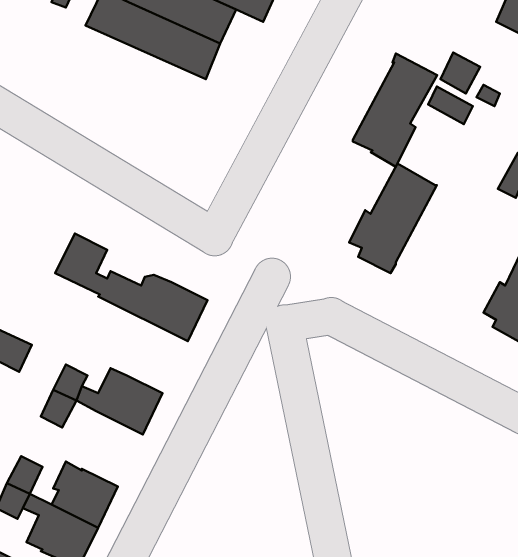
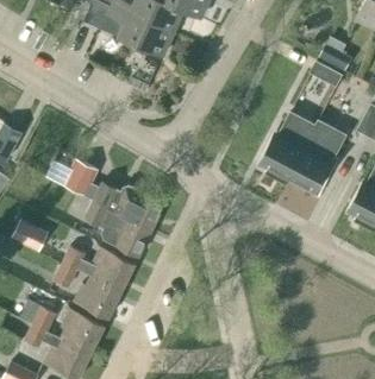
building: [353,54,437,167] -> [289,120,345,195]
building: none -> [83,200,151,257]
building: none -> [74,276,121,317]

